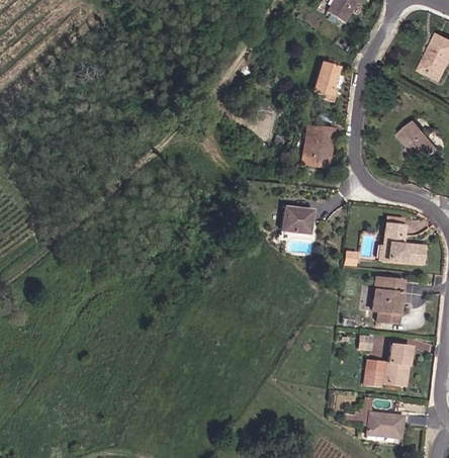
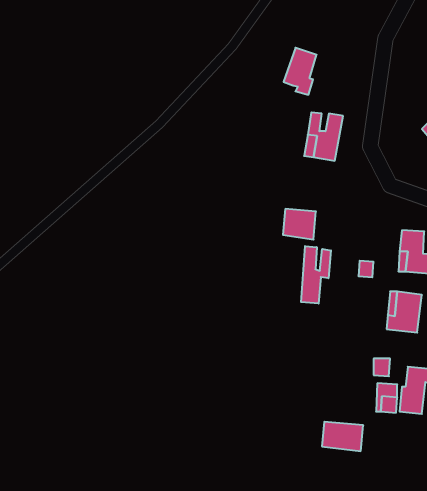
building: [313,60,342,100] -> [284,48,317,95]
building: none -> [301,246,331,304]
building: [364,411,399,437] -> [322,422,363,451]

